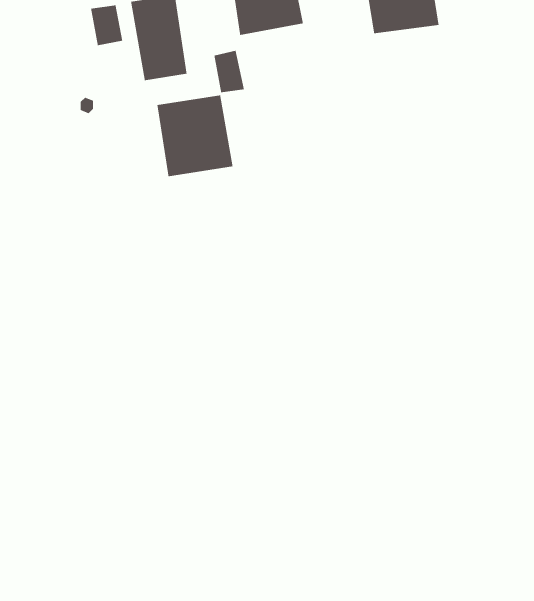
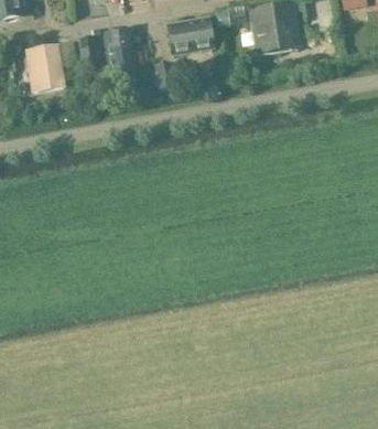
building: none -> [24,42,64,89]
building: [157,95,234,177] -> none

